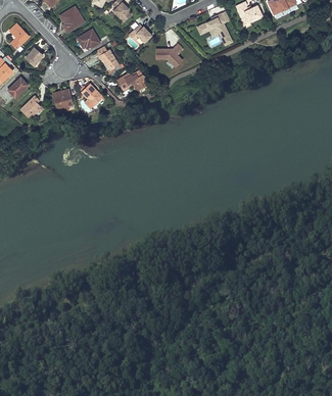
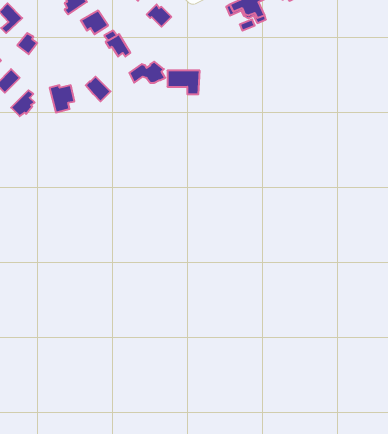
building: [155,47,182,66] -> [167,71,200,94]

